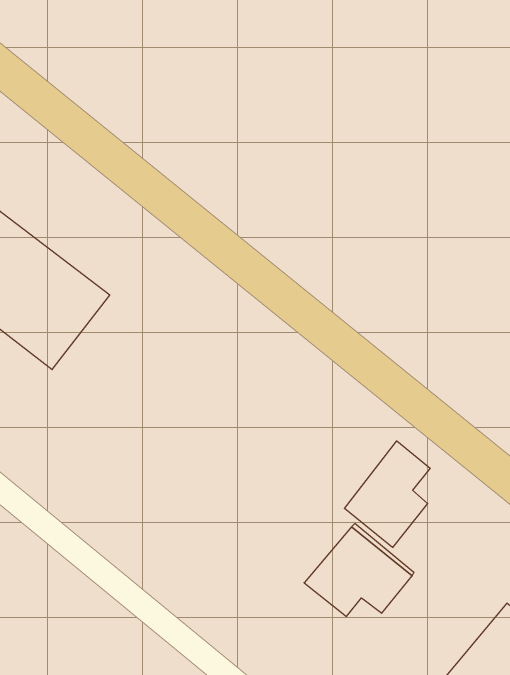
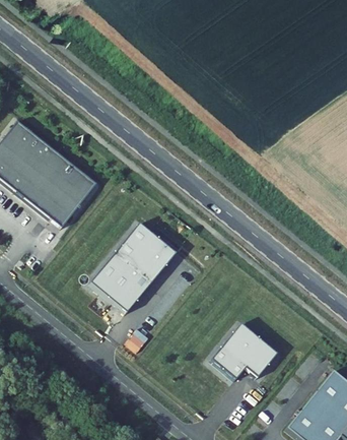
building: none -> [93,222,179,311]
building: [344,441,430,547] -> none

